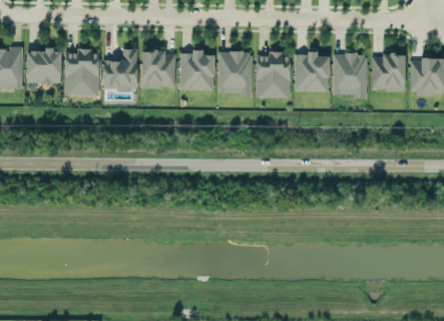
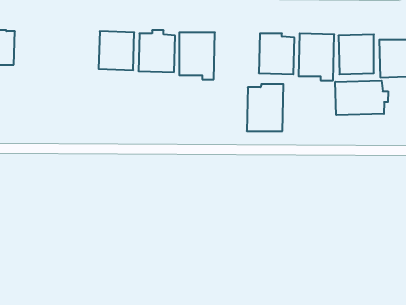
building: [103,49,137,90] -> none
building: [64,50,99,95] -> none
building: [256,53,291,98] -> [247,84,283,131]
building: none -> [335,81,388,115]

